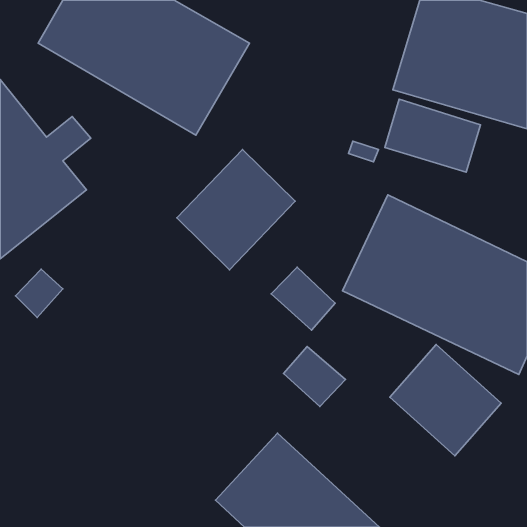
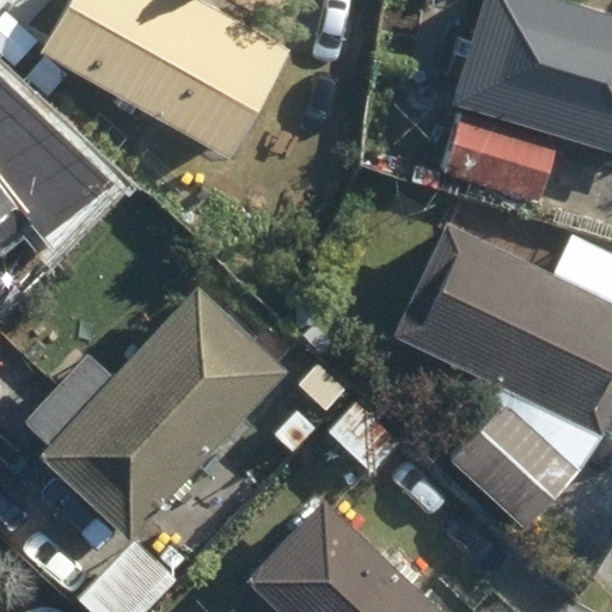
building: [177,149,295,270] -> none
building: none -> [43,289,287,538]

